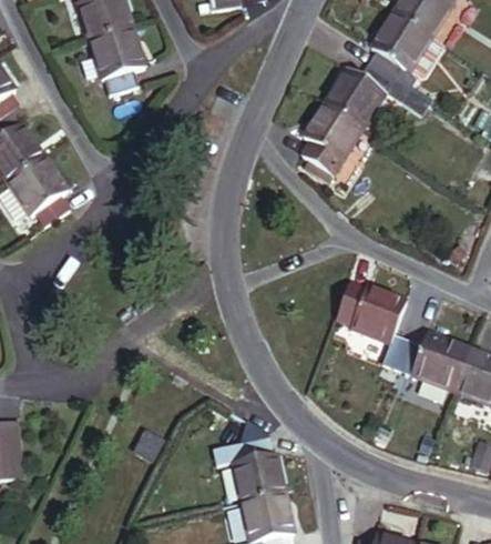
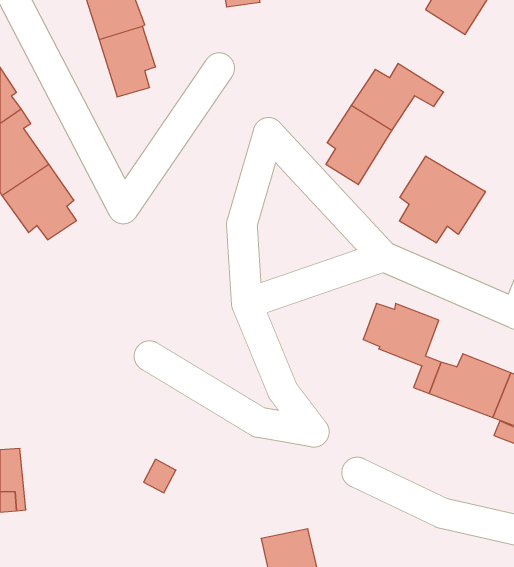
building: [368,13,446,90] -> none
building: none -> [399,156,485,243]
building: [213,437,285,503] -> none

